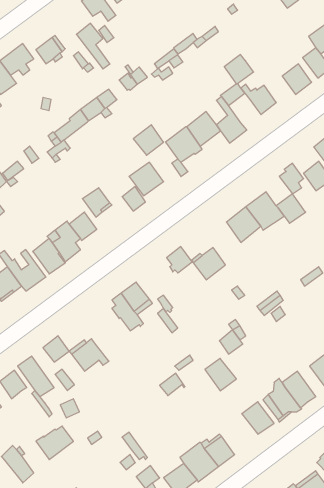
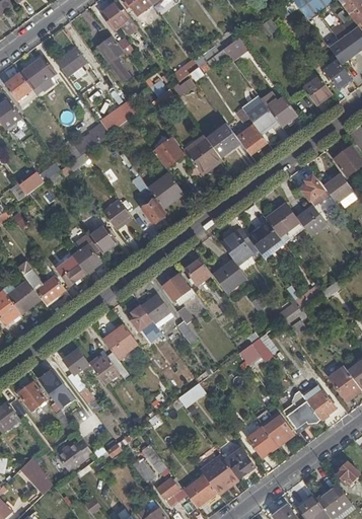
building: [224,55,254,84] -> [248,105,278,135]
building: none -> [220,227,257,266]
building: none -> [162,275,195,305]
building: none -> [103,325,137,358]
building: [205,358,236,391] -> [246,426,278,458]

